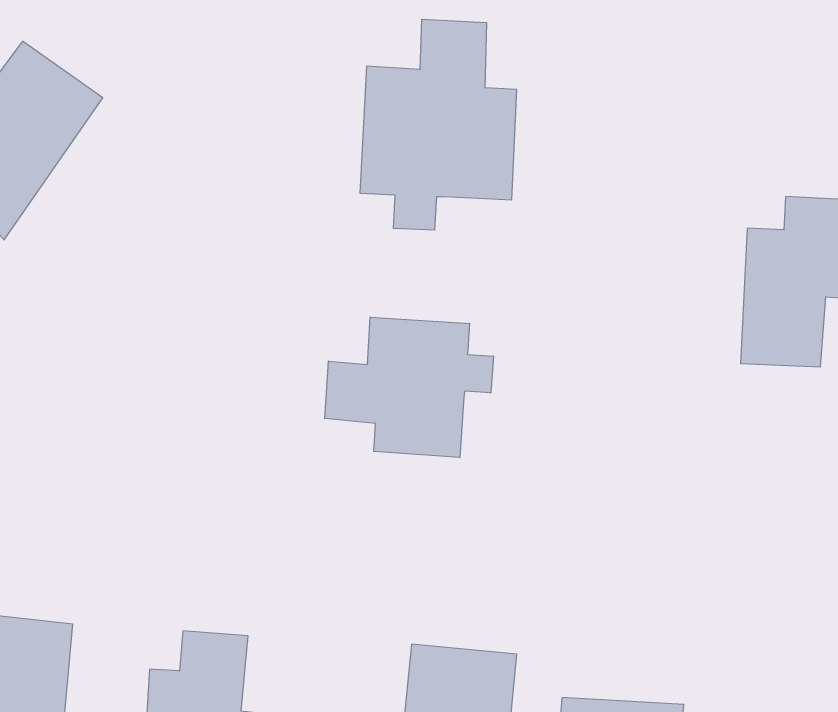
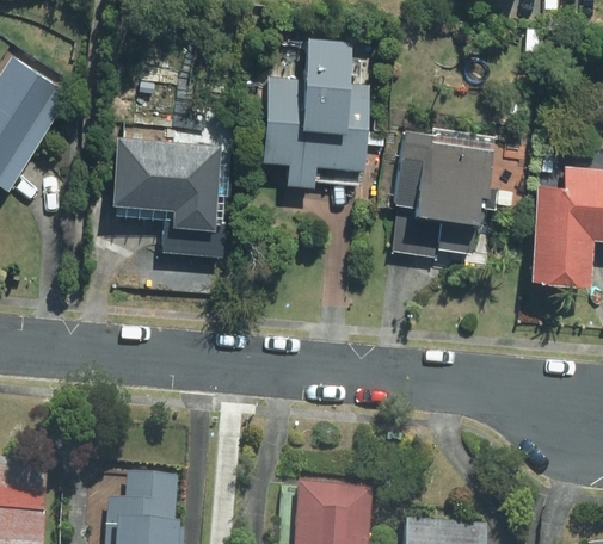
building: none -> [396,136,498,248]
building: none -> [111,142,233,259]
building: [325,317,493,458] -> none

